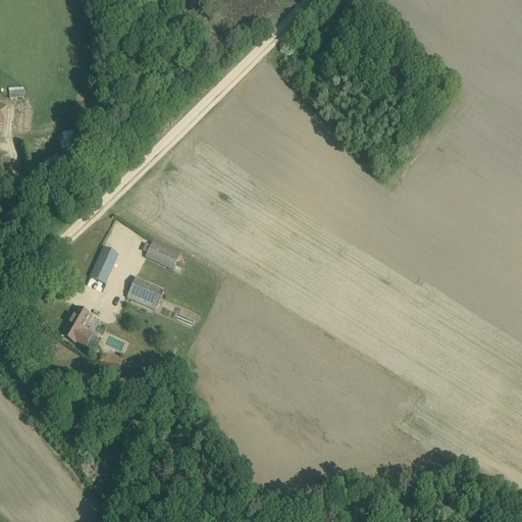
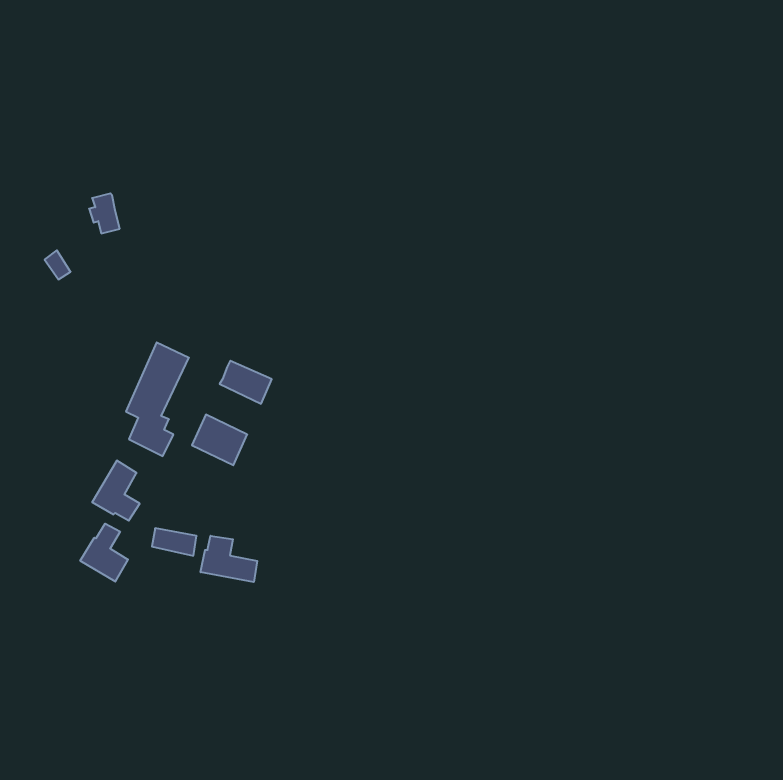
building: none -> [80,524,128,582]
building: none -> [201,536,257,582]

